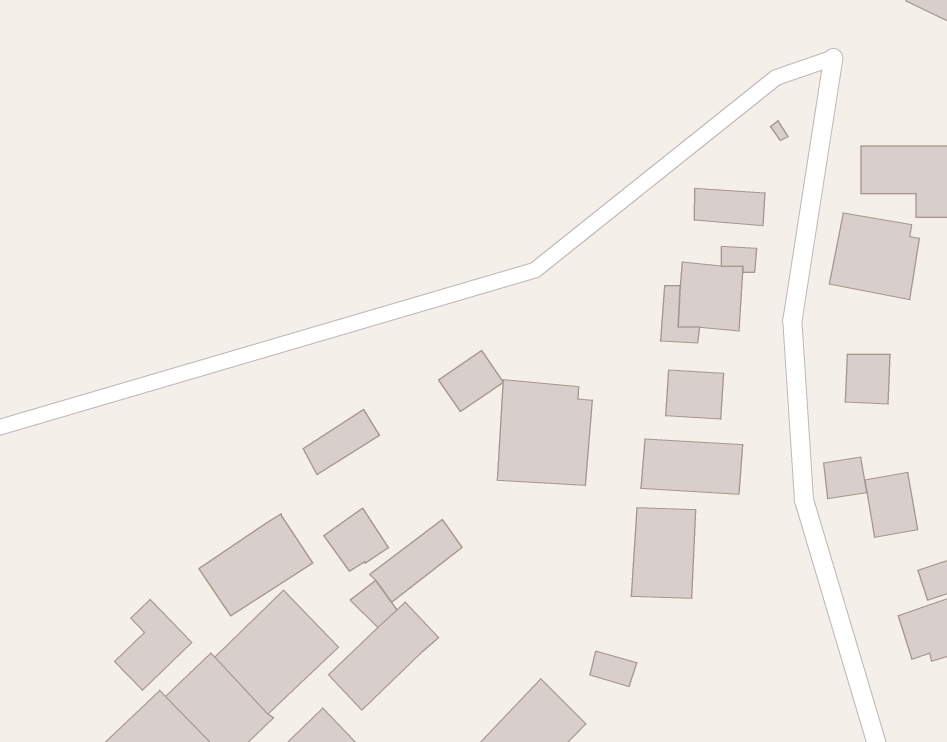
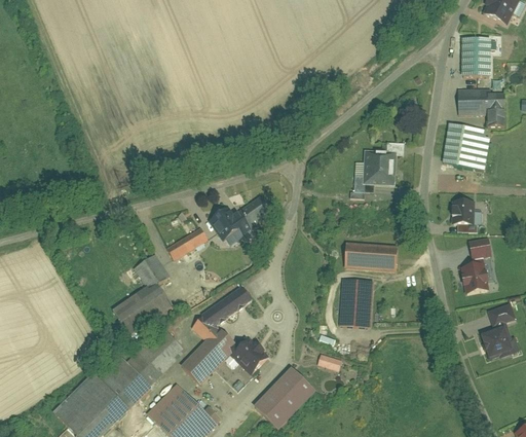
building: none -> [462,38,491,75]
building: [695,188,765,226] -> none
building: [666,370,724,419] -> none
building: none -> [210,209,250,240]
building: [498,380,592,486] -> none
building: [824,457,867,499] -> [469,236,492,258]
building: [324,508,389,571] -> [135,253,168,286]
building: [115,599,192,690] -> none
building: none -> [230,336,267,373]

